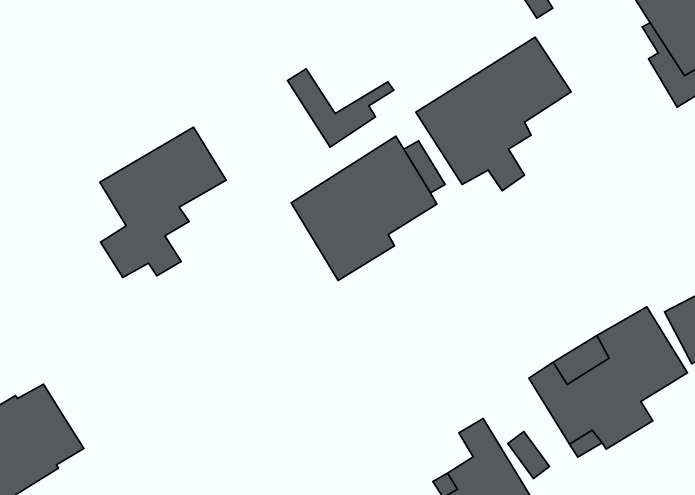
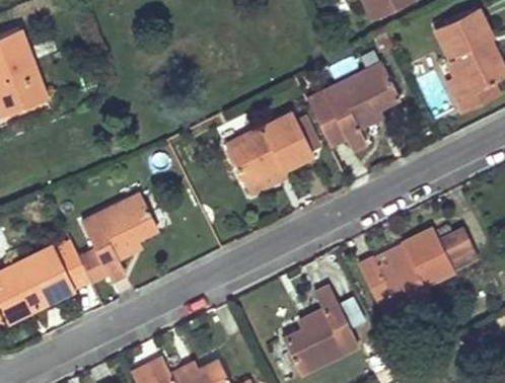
building: [287,69,394,147] -> none
building: [100,127,226,278] -> [79,196,157,282]

